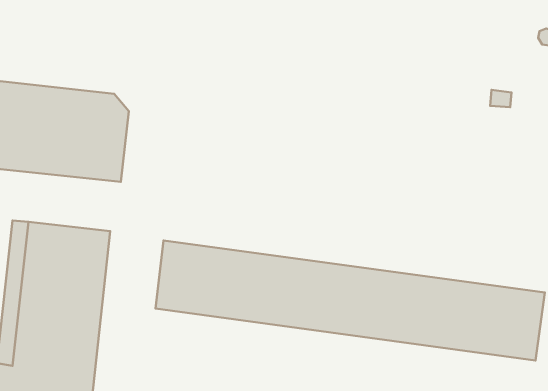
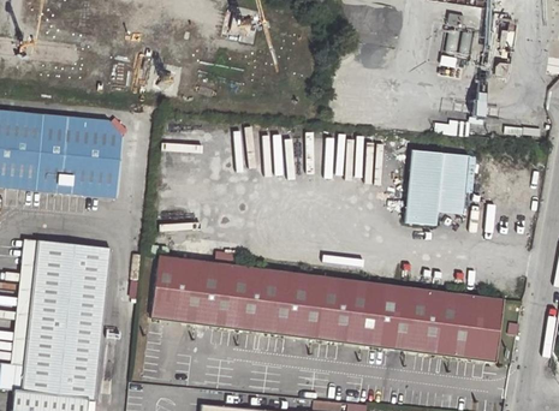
building: none -> [406,150,471,224]

